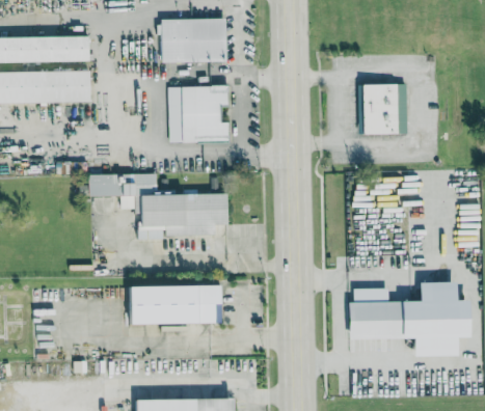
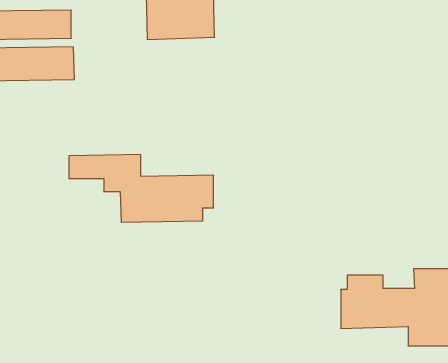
building: [359,83,398,135] -> none
building: [169,85,228,143] -> none
building: [125,285,223,324] -> none

